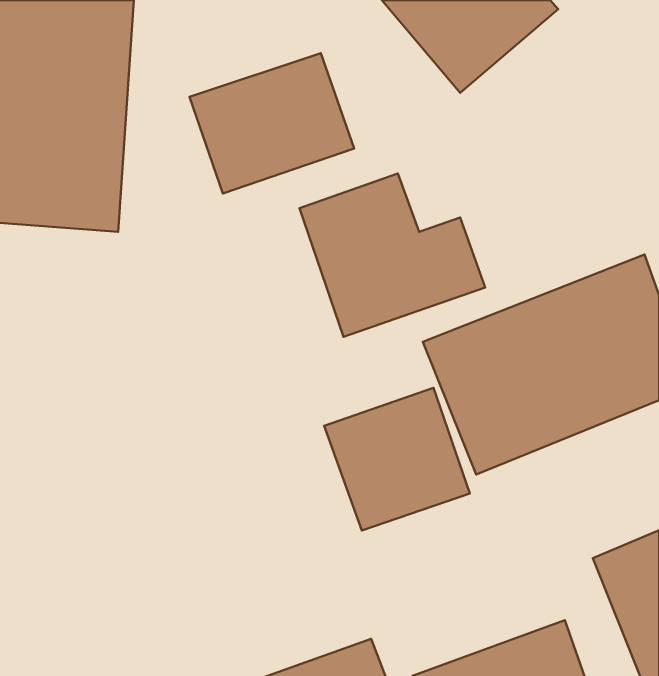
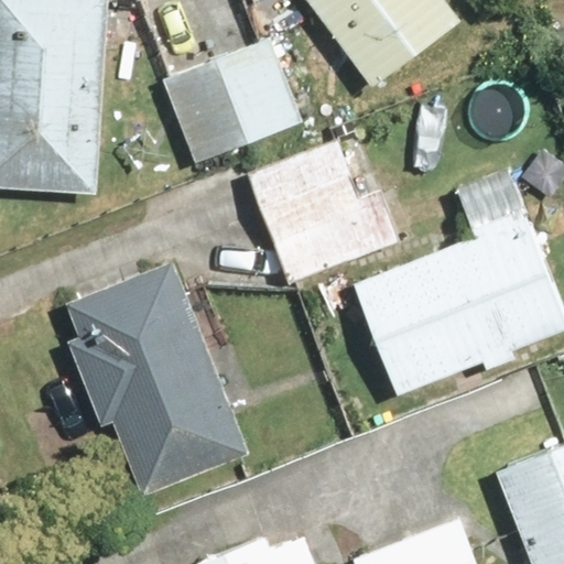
building: none -> [67,258,246,489]
building: [324,388,470,531] -> none

